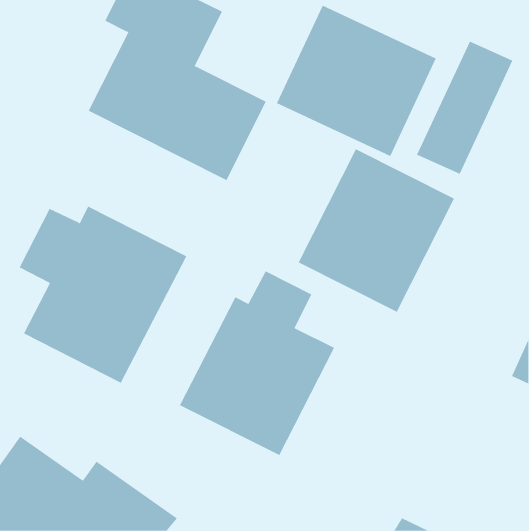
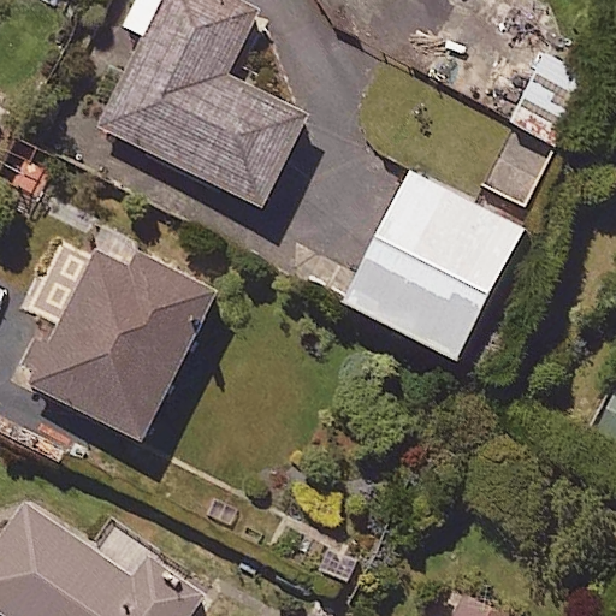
building: [276,5,437,157] -> none
building: [179,270,335,456] -> none

